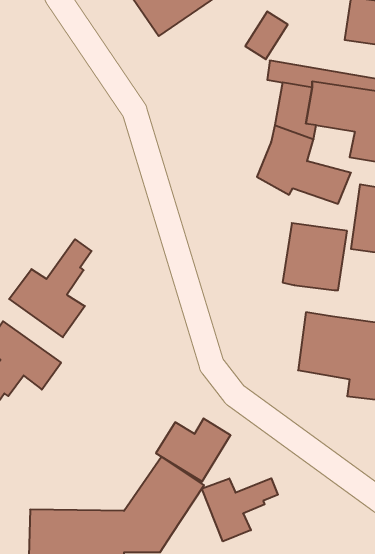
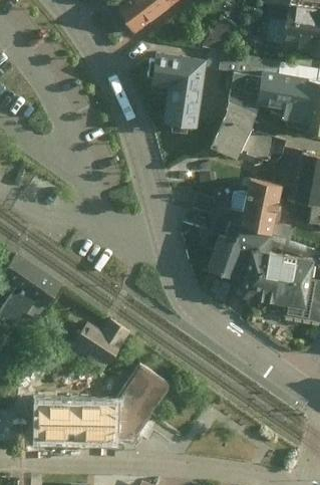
building: none -> [151,51,207,128]
building: [9,239,92,337] -> none
building: none -> [208,229,274,283]
building: [156,418,231,482] -> [72,319,130,369]
building: [202,478,278,541] -> none

